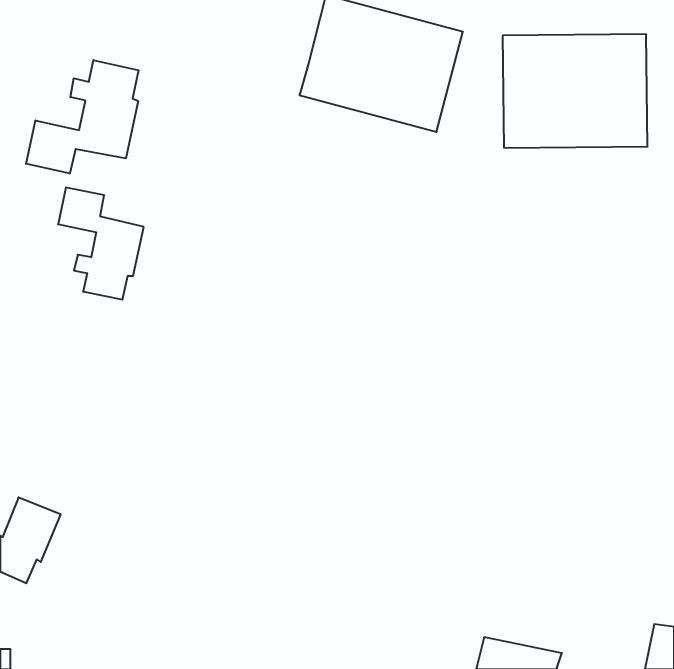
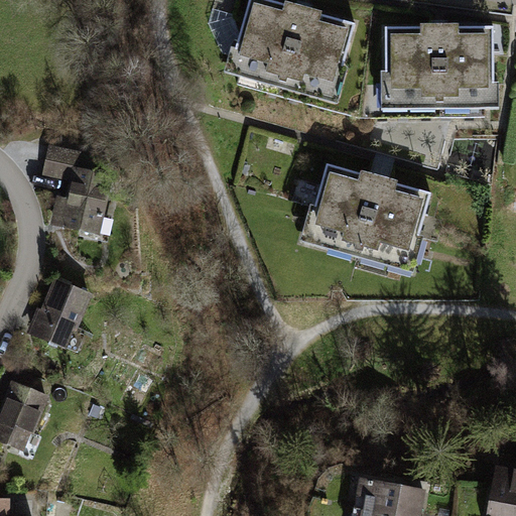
building: [26,60,138,174] -> none
building: none -> [304,163,430,269]
building: none -> [32,277,90,343]

